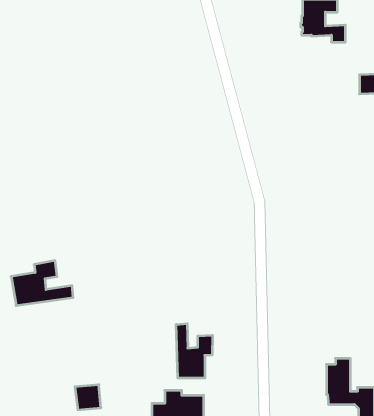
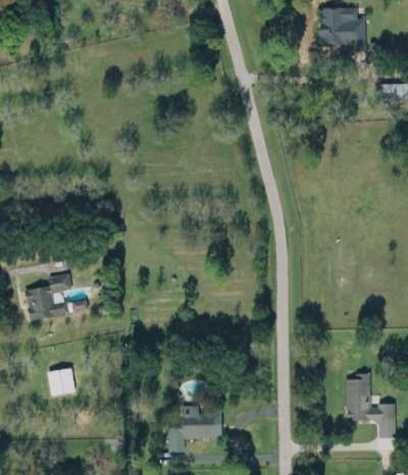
building: [176,324,212,378] -> none
building: [75,385,101,410] -> [47,369,73,394]

